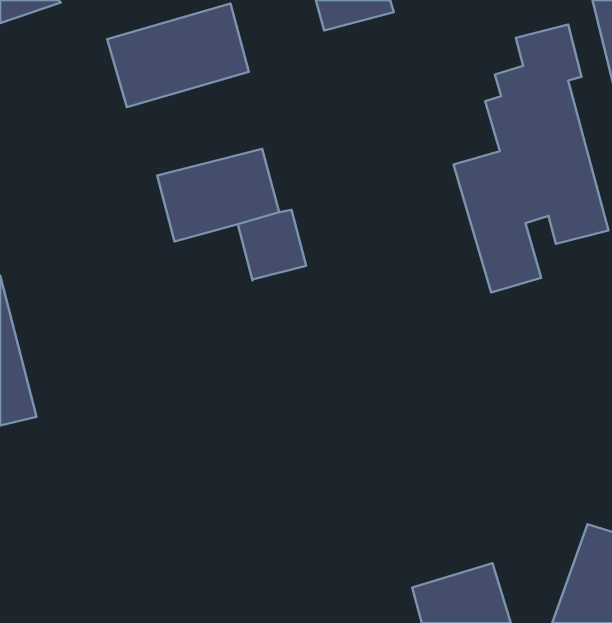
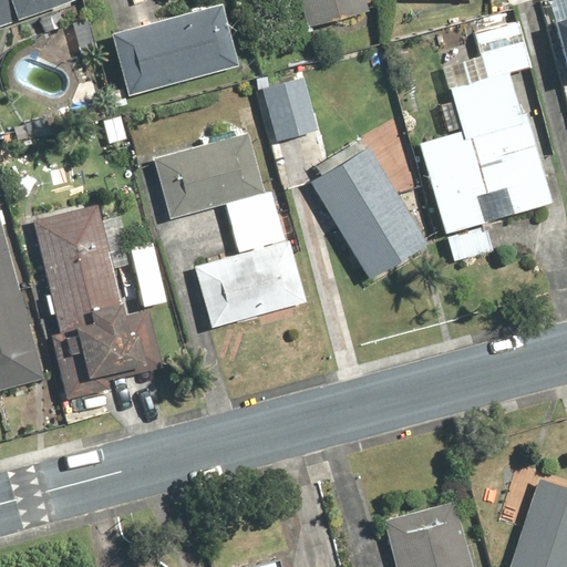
building: none -> [264,78,318,142]
building: none -> [308,143,427,279]
building: none -> [34,203,136,378]
building: none -> [193,241,303,326]

